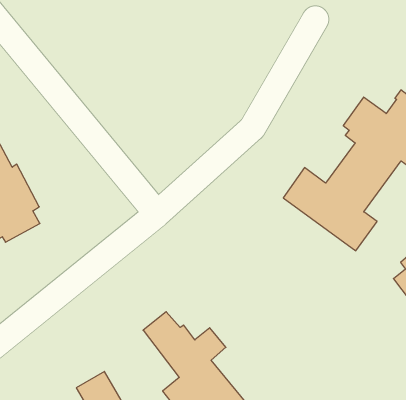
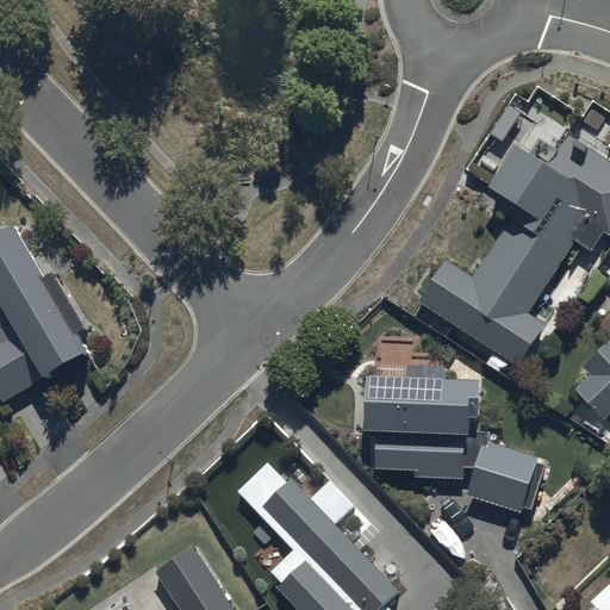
building: none -> [369,371,547,517]

